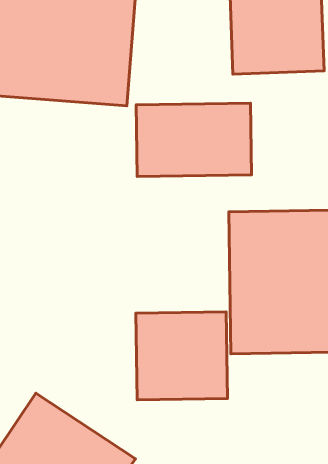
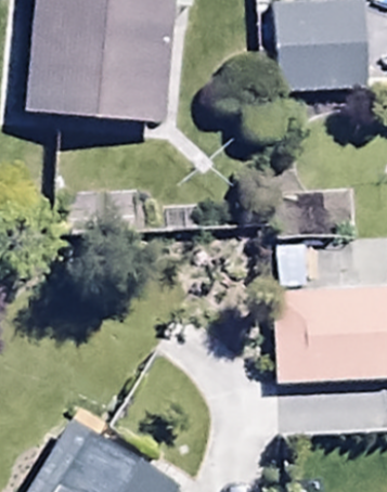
building: [136,103,251,176] -> none
building: [136,312,228,400] -> none

